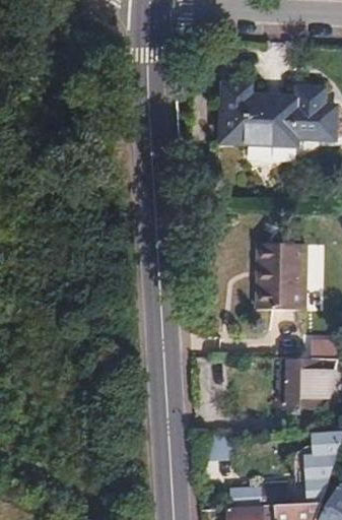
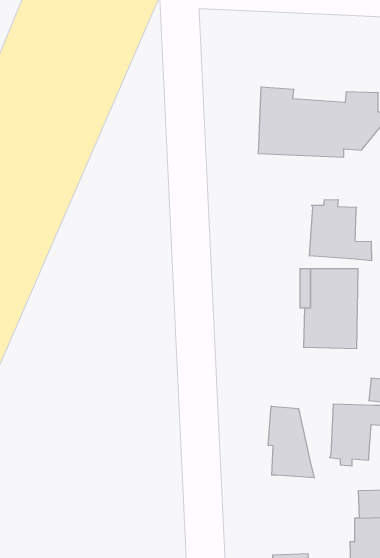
building: none -> [310,200,372,261]
building: none -> [268,406,314,478]

